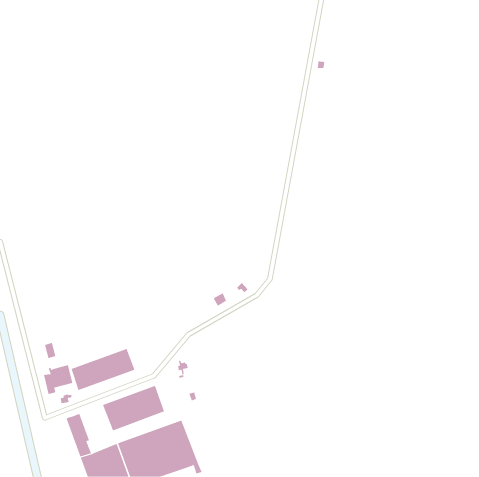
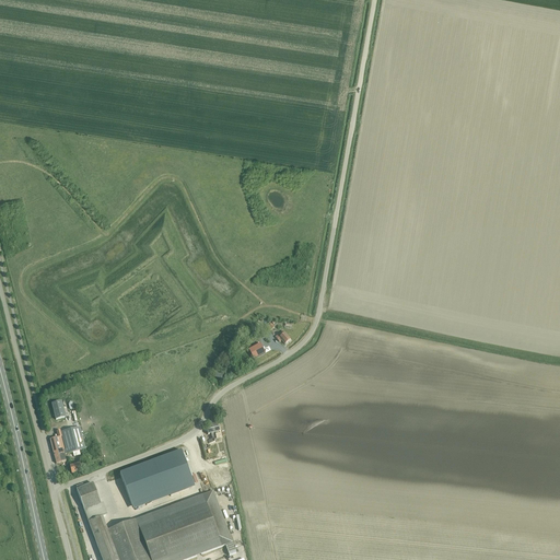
building: [71,348,135,391] -> none

